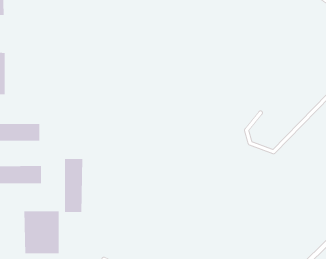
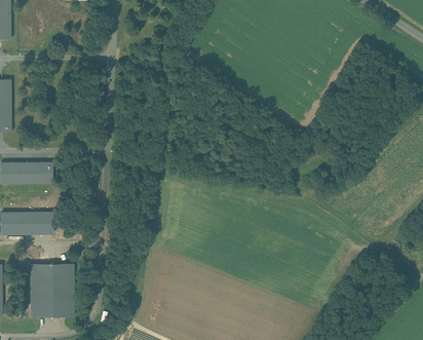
building: [64,158,83,213] -> none

